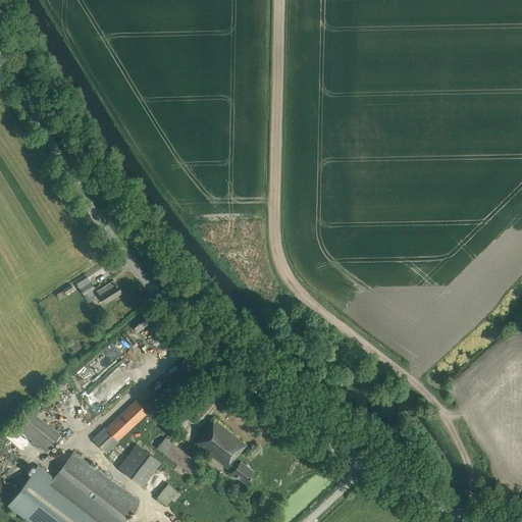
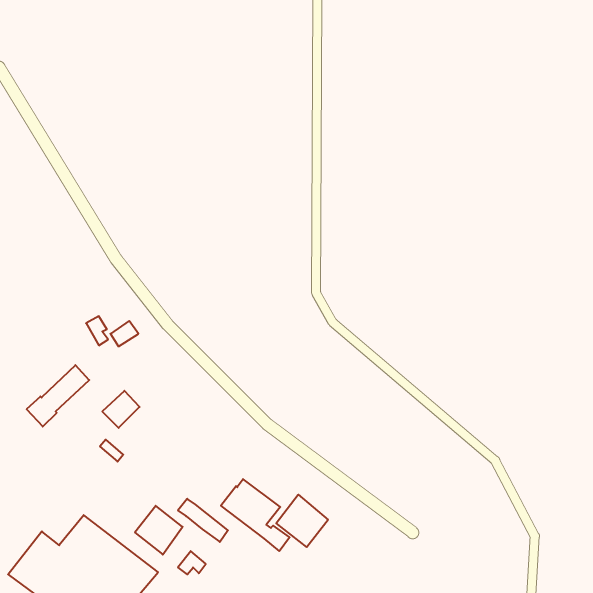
building: [92,401,147,455] -> [27,365,89,427]
building: [14,410,60,454] -> none
building: none -> [276,495,328,547]

